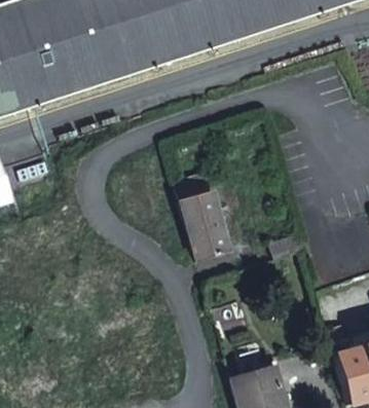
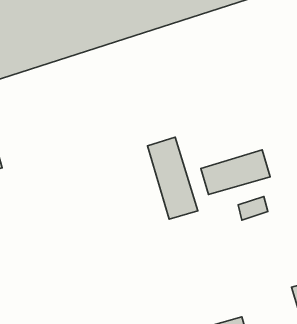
building: none -> [201,150,270,195]

